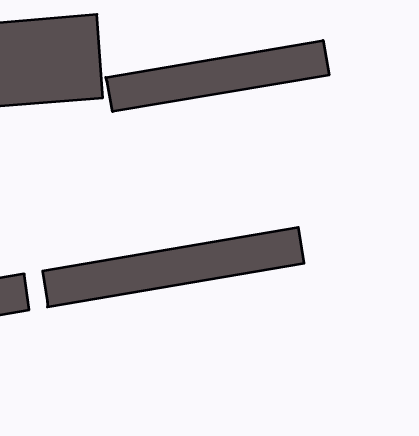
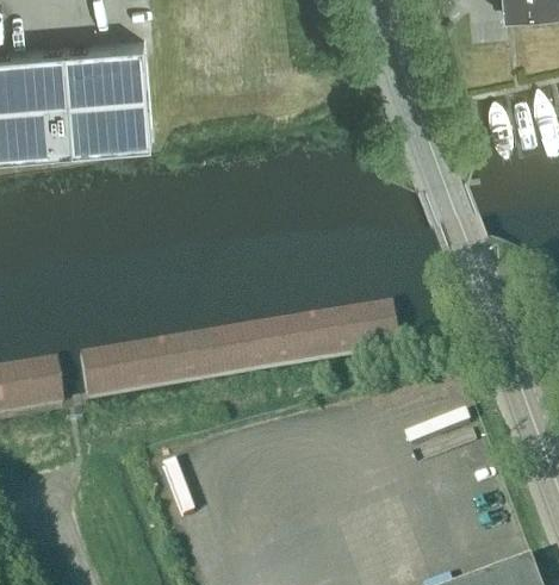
building: [106,40,329,112] -> none

